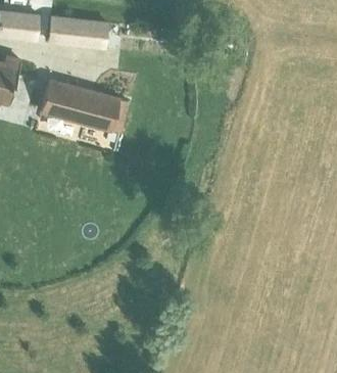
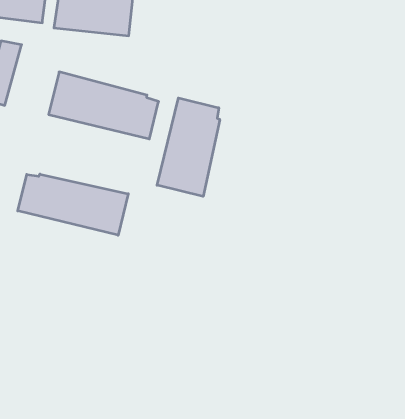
building: none -> [157,98,220,196]
building: none -> [18,174,128,235]

